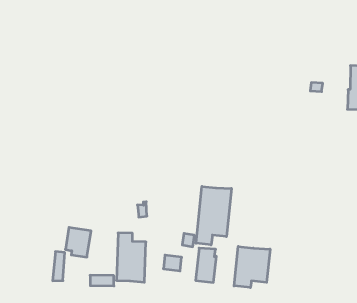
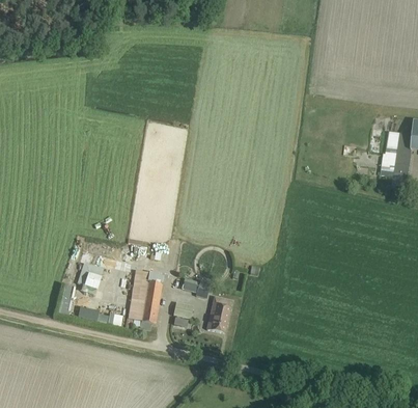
building: [196,186,231,245] -> none
building: [234,246,270,288] -> none

